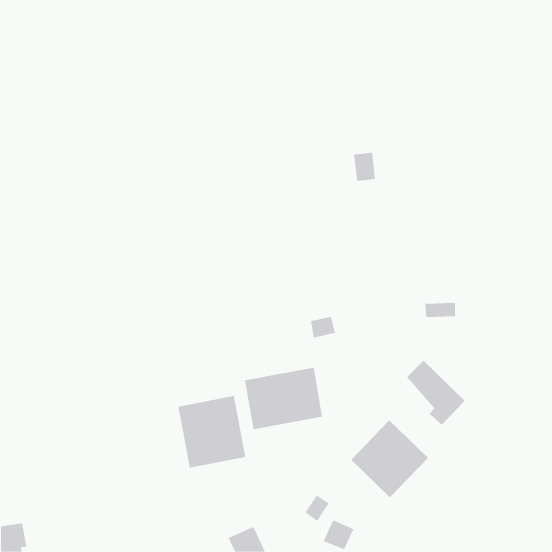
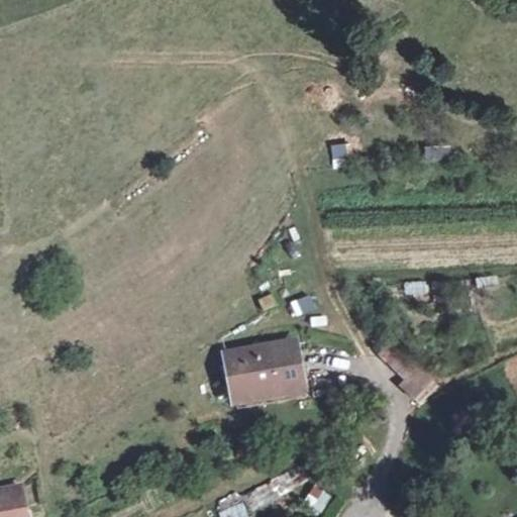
building: [178,395,246,468] -> none
building: [350,419,429,498] -> none

